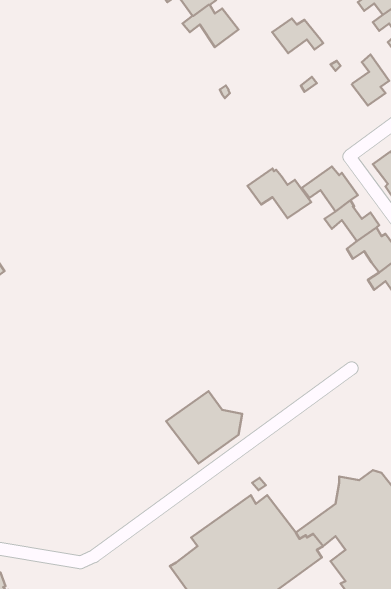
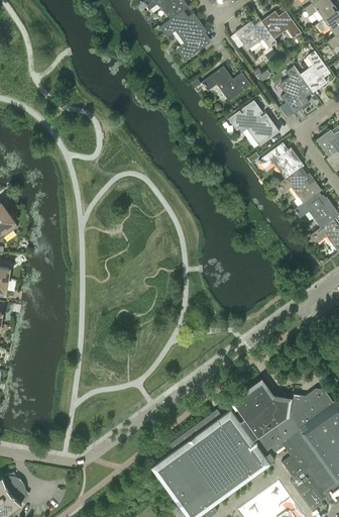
building: none -> [260,12,300,39]
building: none -> [203,67,251,101]
building: none -> [279,67,312,114]
building: [248,169,311,218] -> [228,104,279,144]
building: [166,391,242,464] -> [227,381,289,439]

